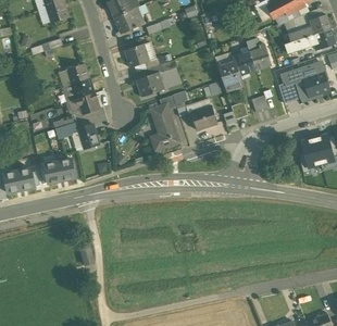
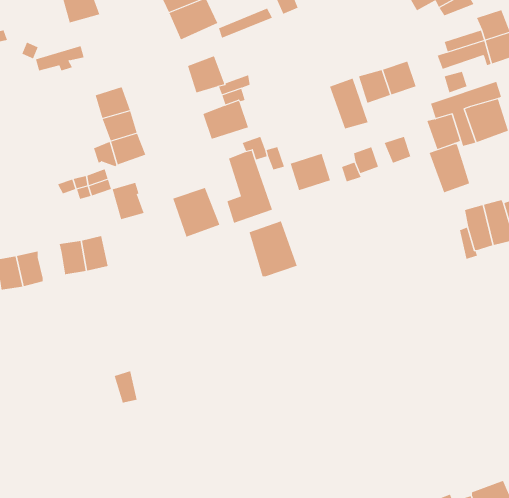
building: none -> [429,143,470,193]
building: none -> [173,187,220,237]
building: none -> [249,221,297,277]

